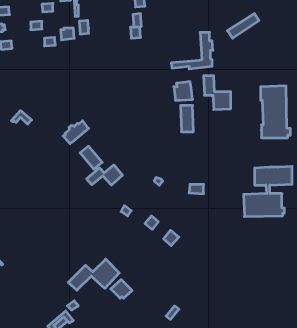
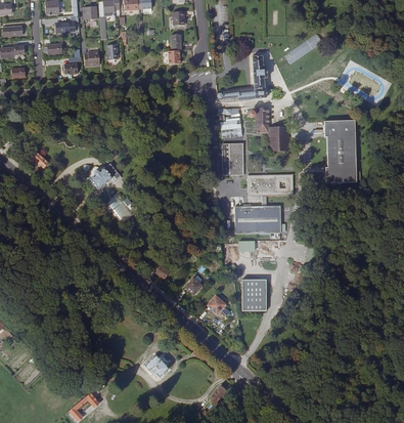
building: [87,165,122,185] -> none
building: [244,166,292,217] -> [234,174,293,235]
building: none -> [242,279,266,309]
building: [68,259,119,290] -> none

